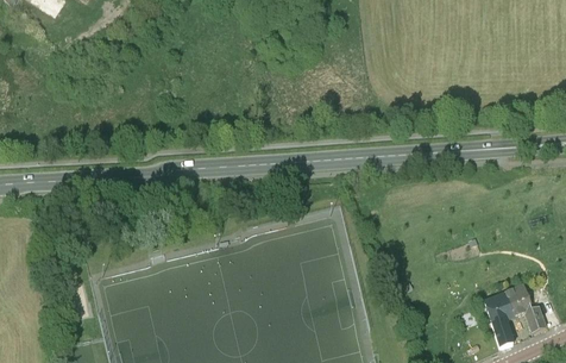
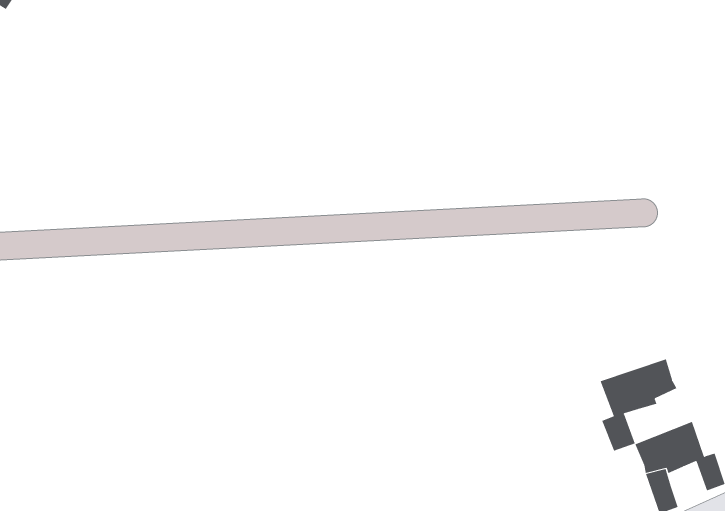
building: none -> [600,359,677,452]

